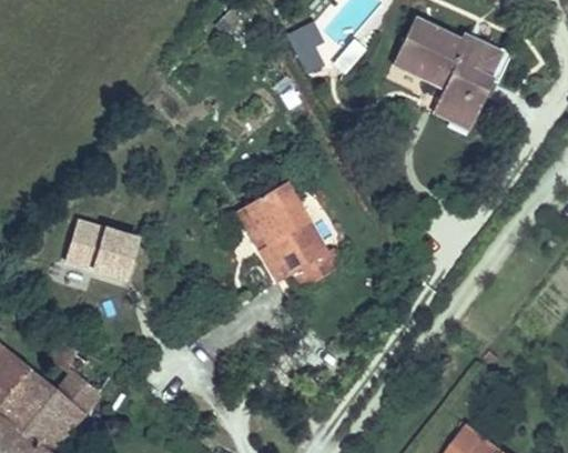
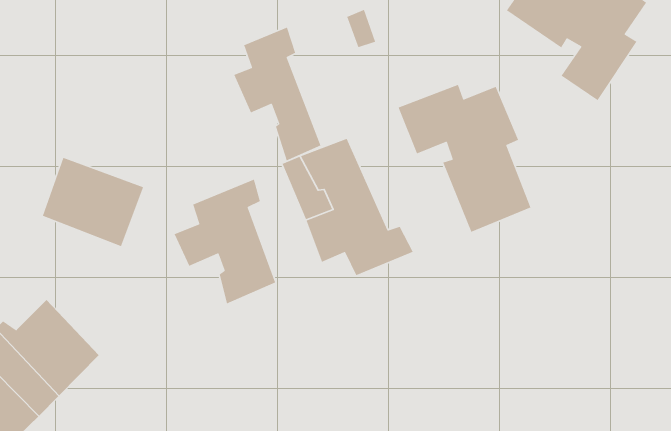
building: none -> [233,26,322,162]
building: none -> [398,84,532,233]
building: none -> [173,179,276,304]

